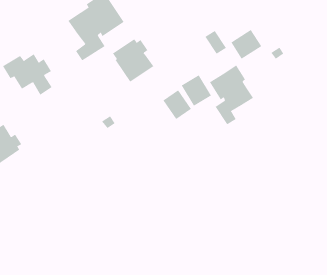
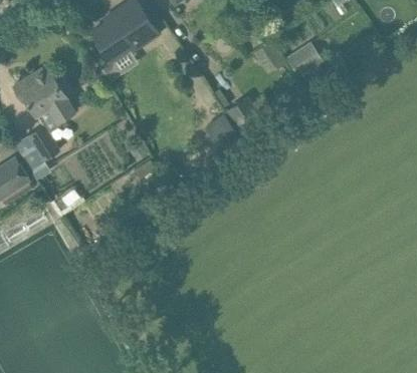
building: [112,39,154,83] -> none
building: [209,64,254,125] -> none
building: none -> [16,125,59,178]

